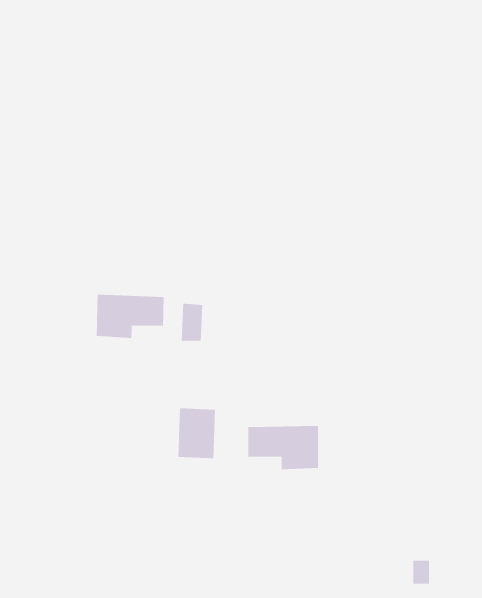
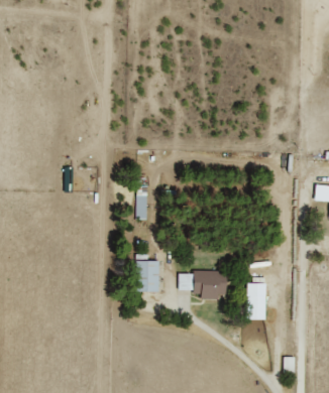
building: [96,294,164,339] -> none
building: none -> [245,283,264,319]

